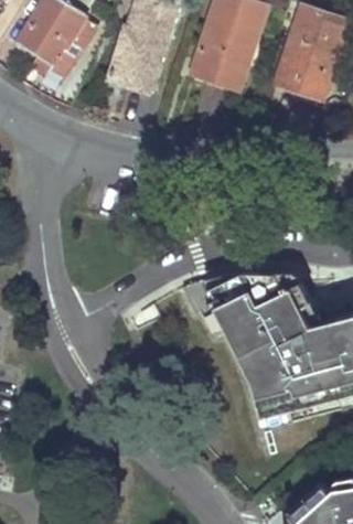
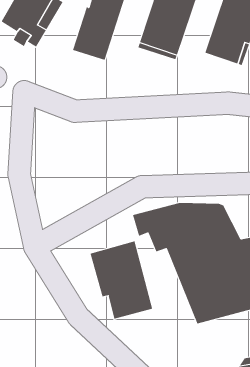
building: none -> [90,240,153,320]

